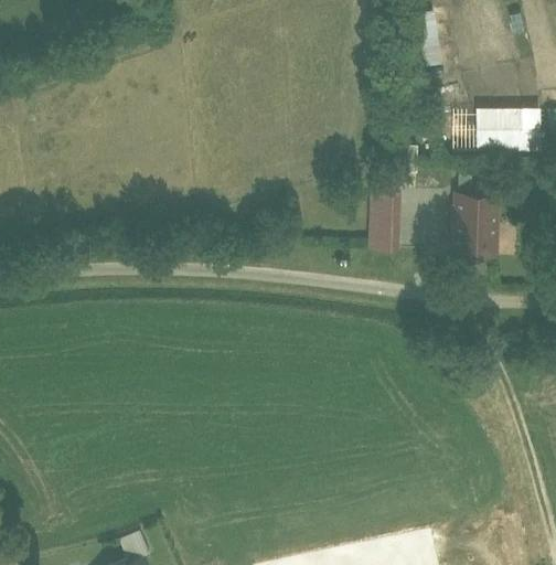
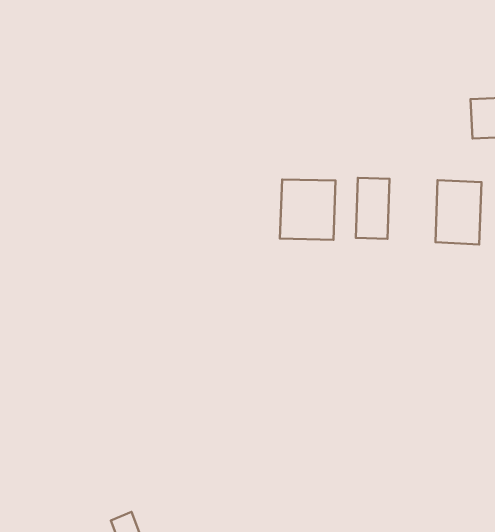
building: none -> [280,179,336,240]

